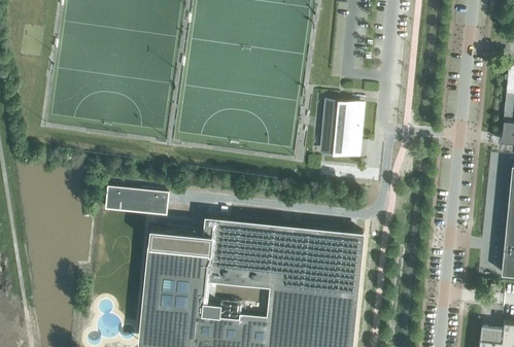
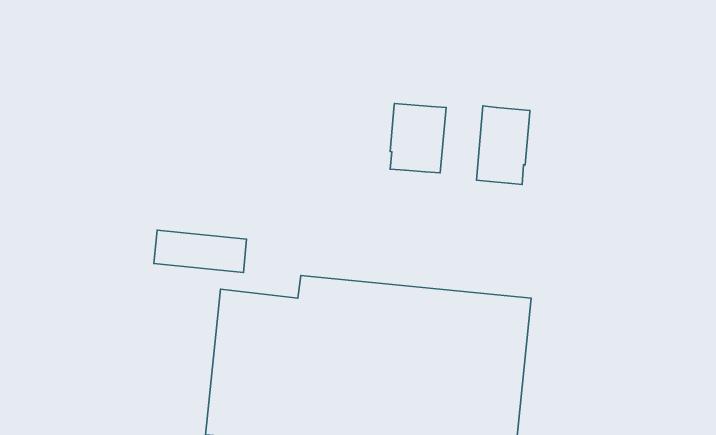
building: none -> [390,104,446,173]

